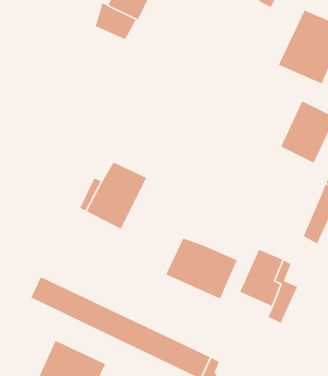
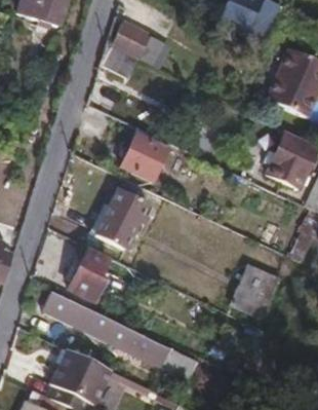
building: none -> [120,131,169,180]
building: none -> [68,251,108,302]
building: [165,238,238,300] -> none

